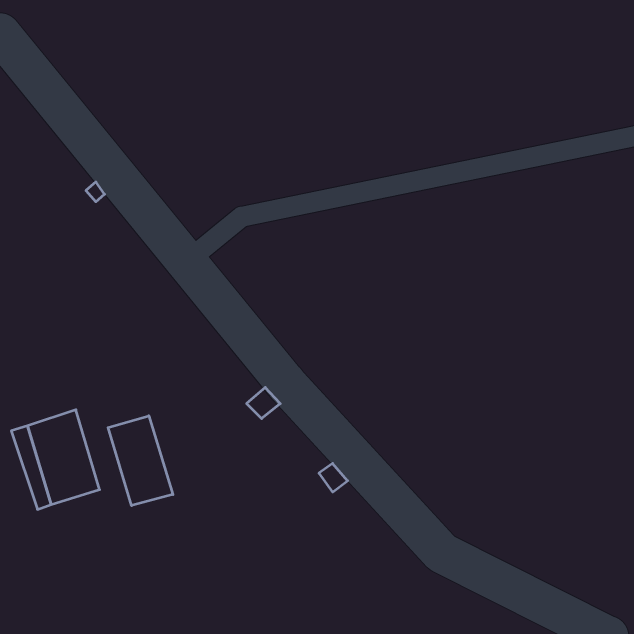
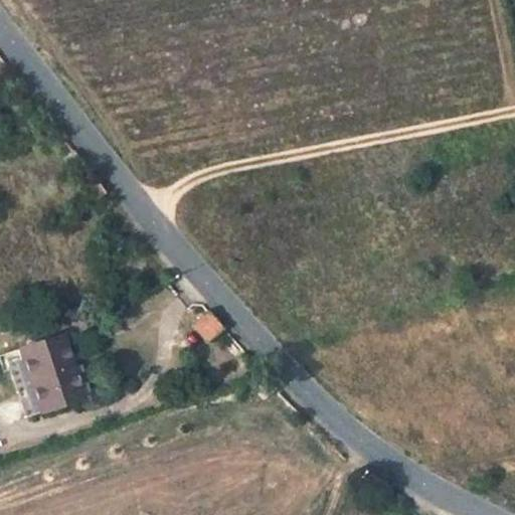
building: [108,416,173,506] -> none

